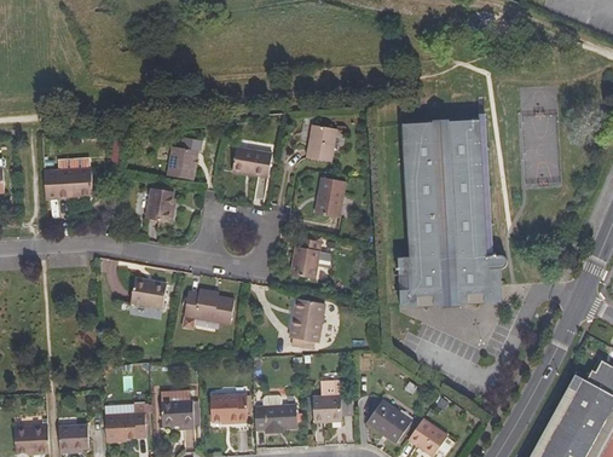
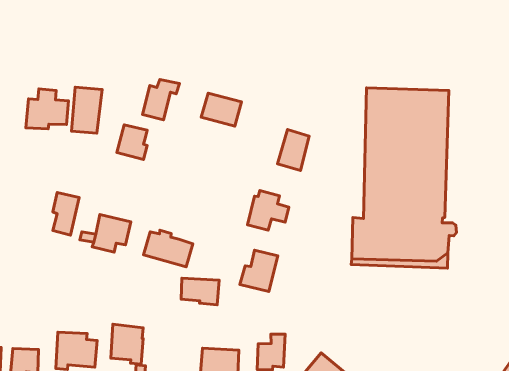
building: [307,122,340,160] -> none
building: none -> [71,87,102,133]
building: none -> [53,192,79,235]
building: [207,395,245,421] -> [181,278,219,305]

